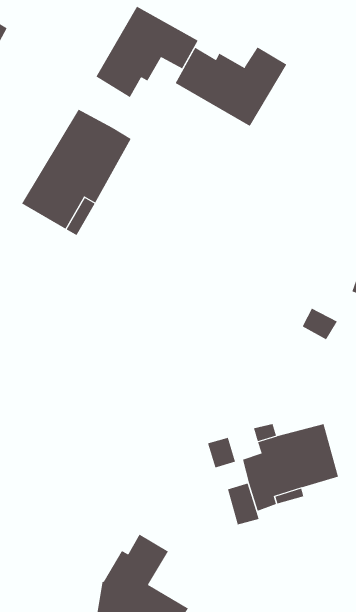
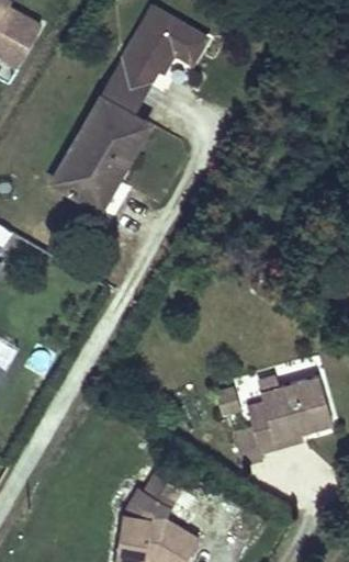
building: [175,47,287,127] -> none
building: none -> [102,70,148,115]

